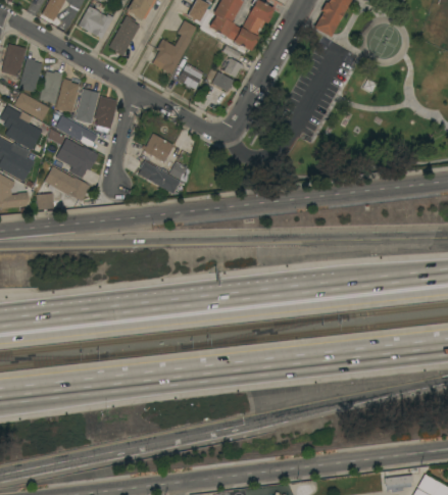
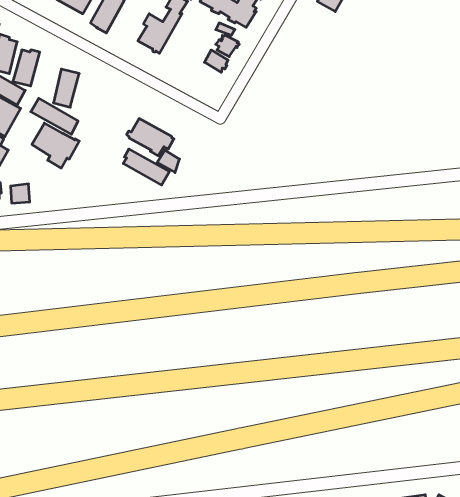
building: [178,63,204,90] -> none
building: [56,79,80,113] -> none
building: [93,96,117,140] -> none
building: [45,166,91,201] -> none

